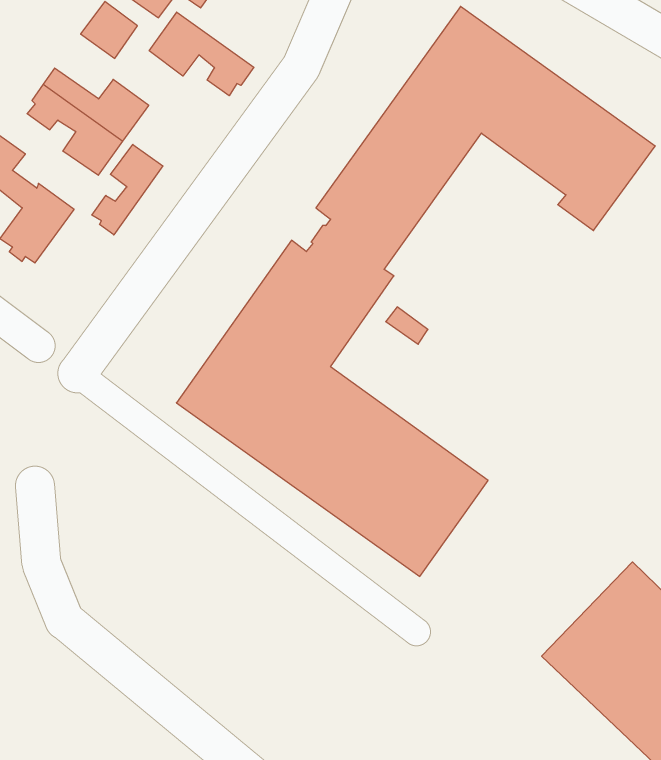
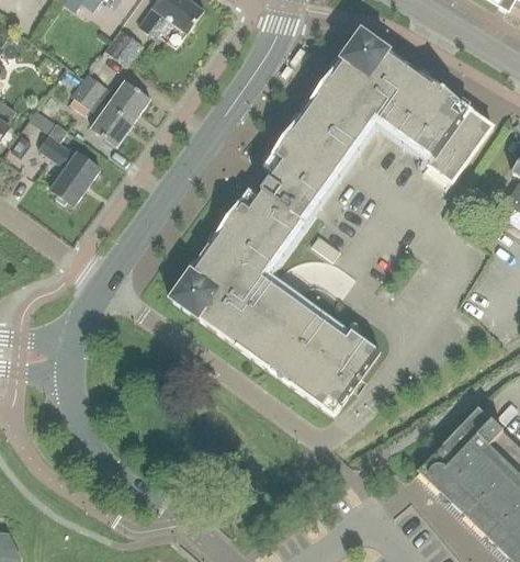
building: [149,12,254,96] -> none
building: [92,144,163,235] -> none

